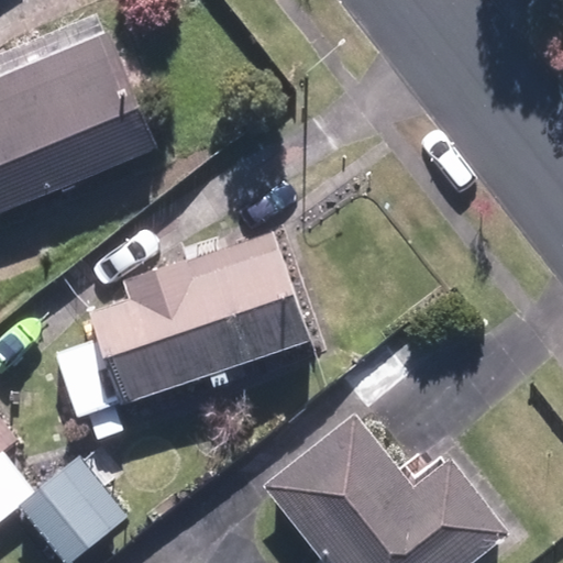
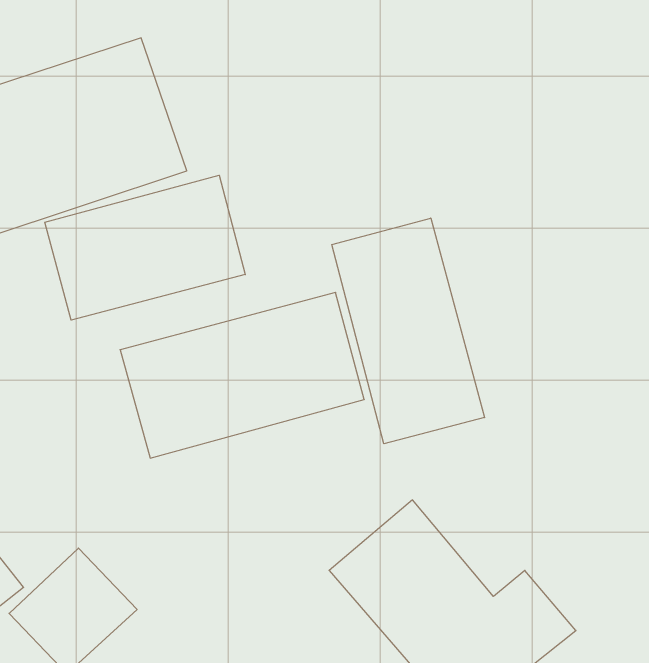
building: none -> [45,175,245,320]
building: none -> [332,218,485,444]

